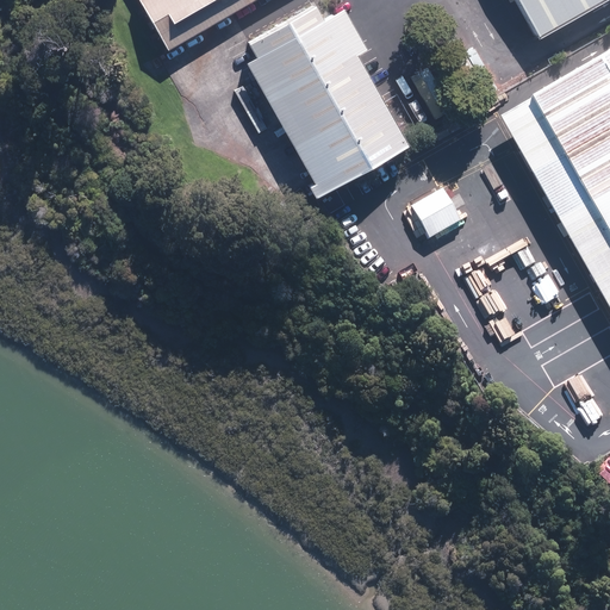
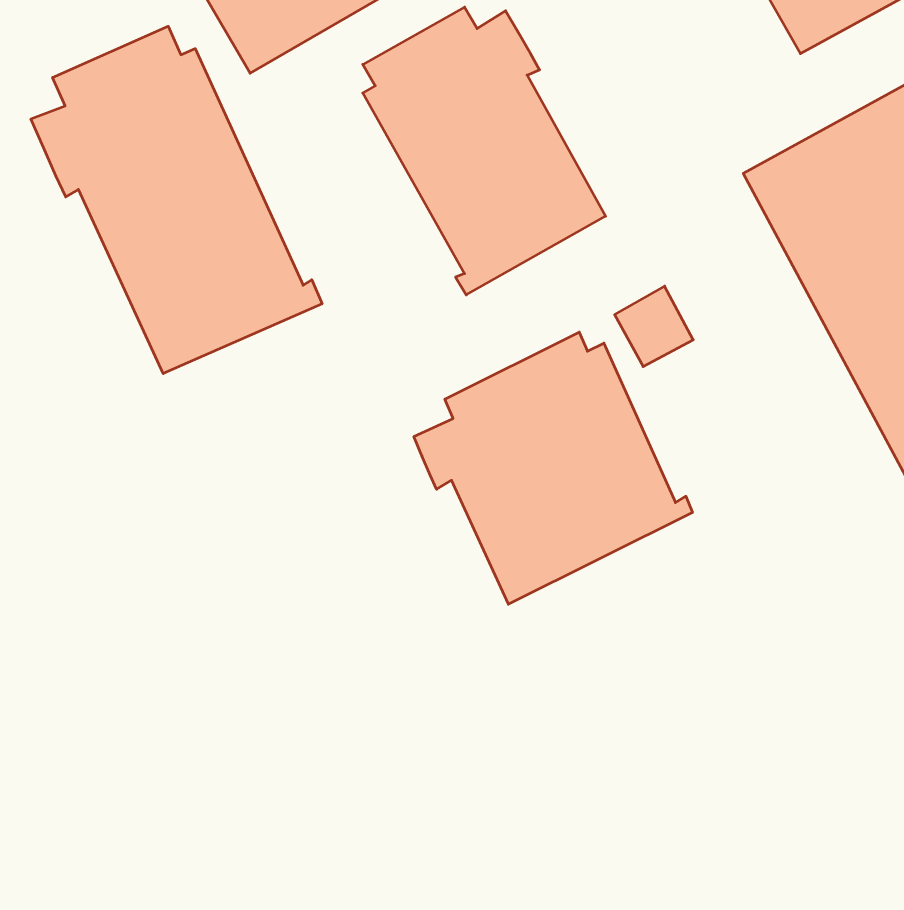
building: none -> [31,26,322,374]
building: none -> [414,332,692,604]

